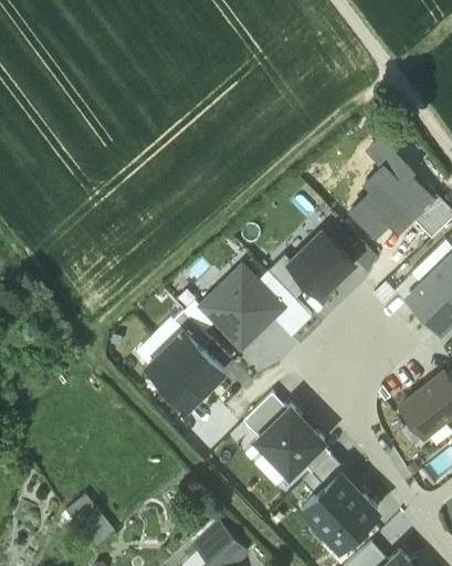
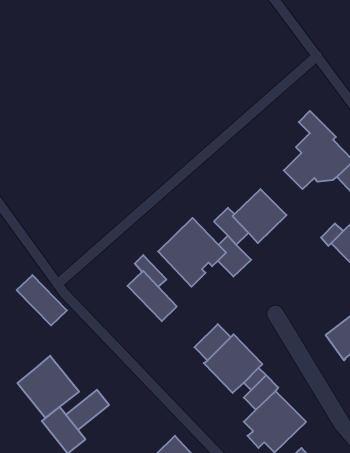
building: [146,350,206,410] -> [17,275,67,325]
building: none -> [17,356,79,418]
building: none -> [66,390,109,430]

